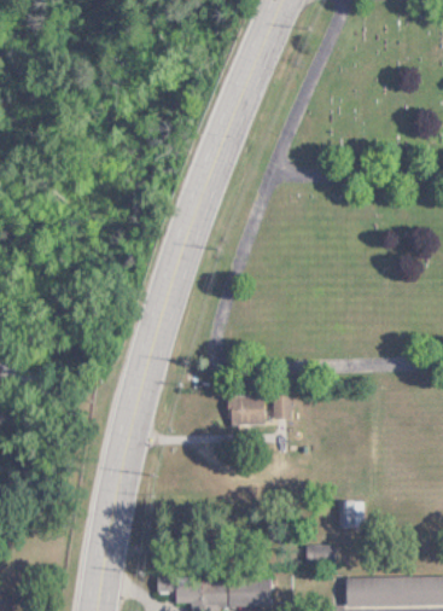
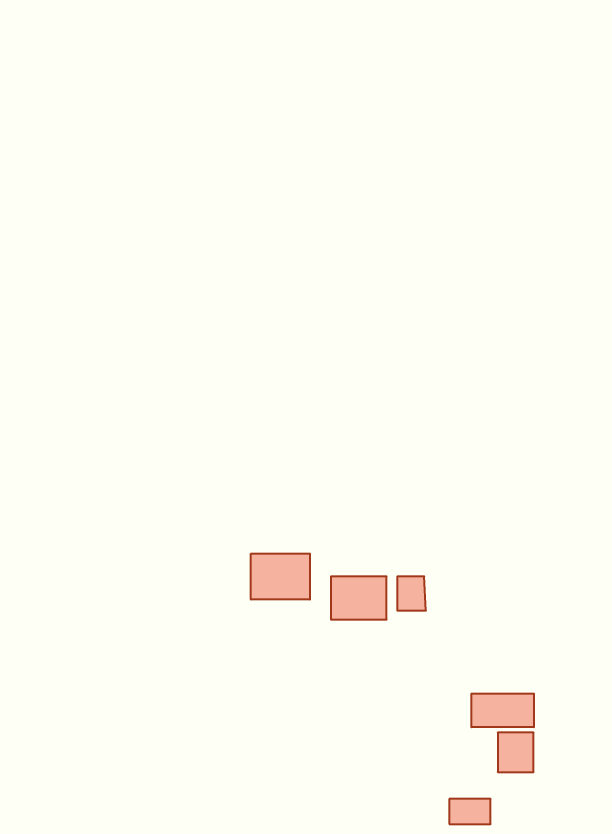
building: none -> [251,554,310,600]
building: none -> [471,694,534,727]

